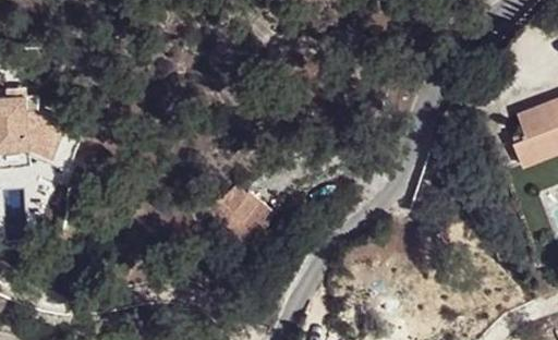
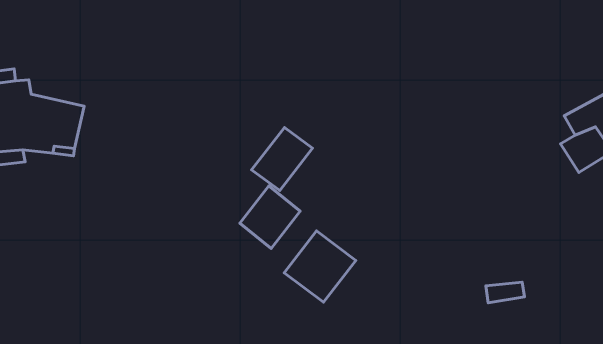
building: none -> [252,127,313,190]
building: none -> [284,231,356,302]

